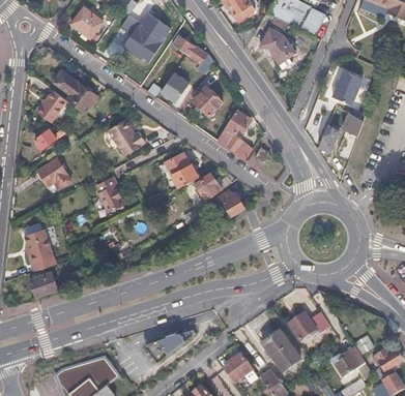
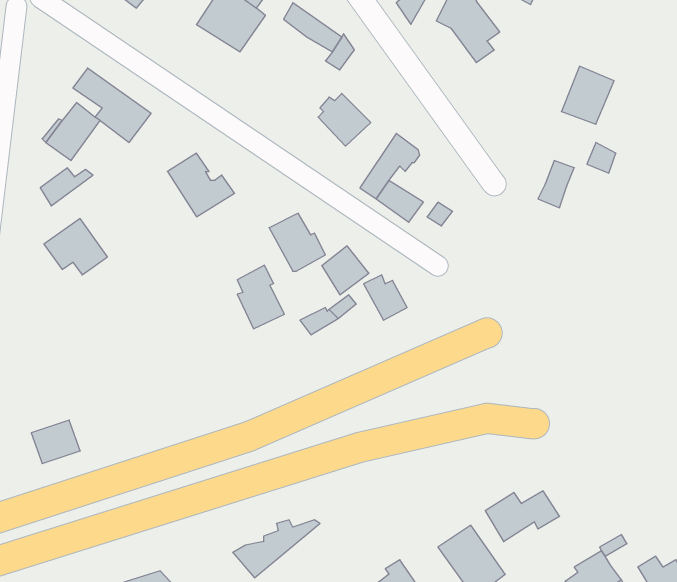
building: [161,72,189,102] -> none
building: [97,177,124,213] -> [237,265,284,329]
building: [25,230,55,271] -> none

